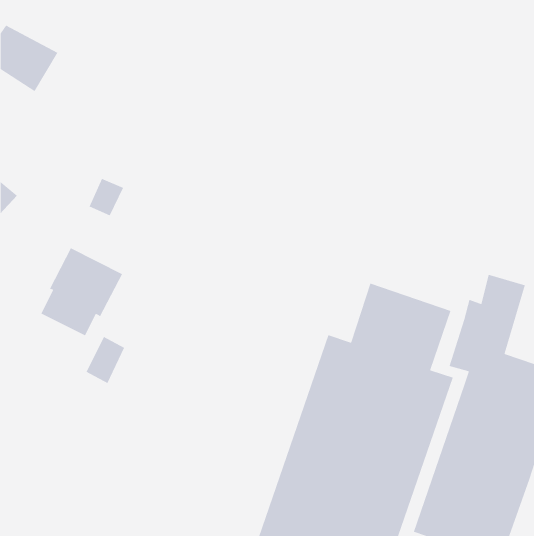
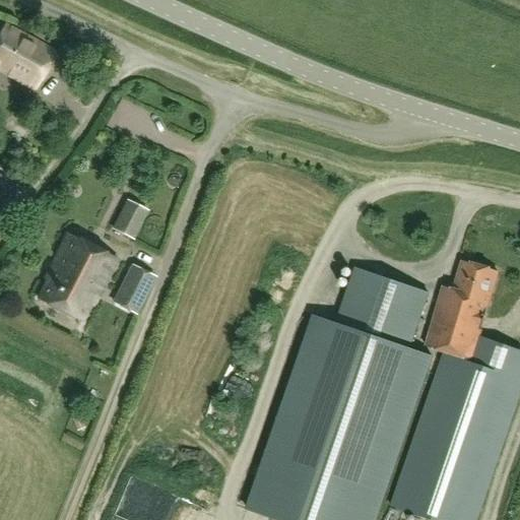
building: [89,178,124,216] -> [113,201,146,238]
building: [85,336,125,384] -> [116,263,153,309]

